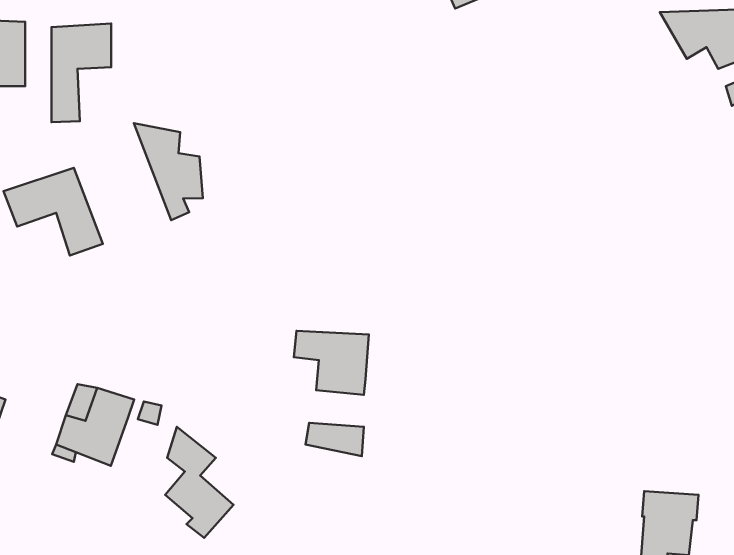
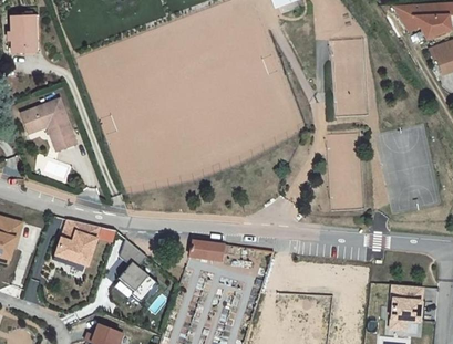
building: [51,23,111,122] -> none
building: [134,123,203,220] -> none
building: [294,331,369,395] -> none

